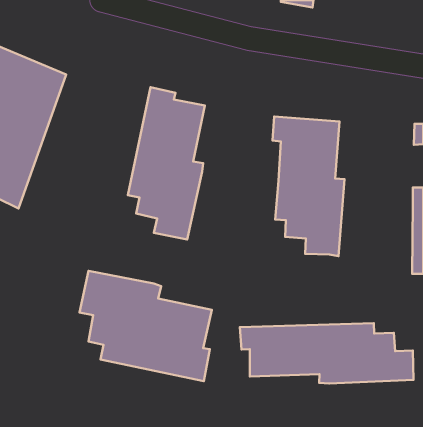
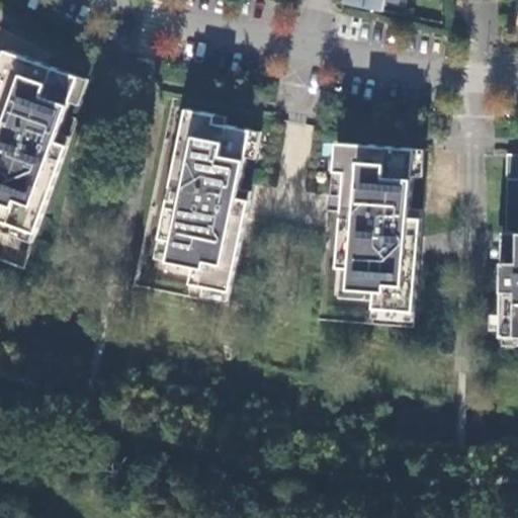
building: [80,271,212,381] -> none
building: [240,323,414,383] -> none

